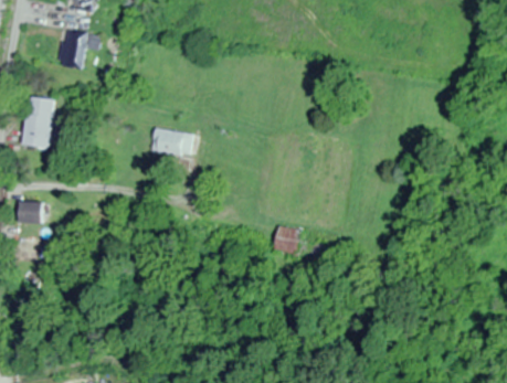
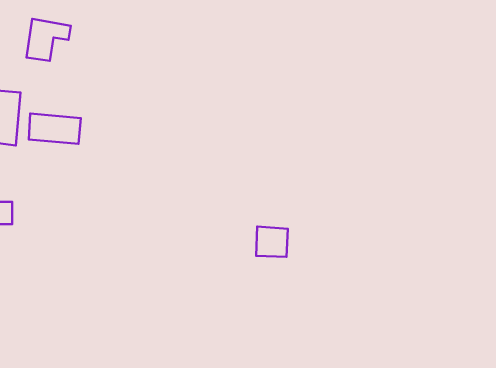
building: none -> [29,114,81,144]
building: [155,131,196,155] -> none

